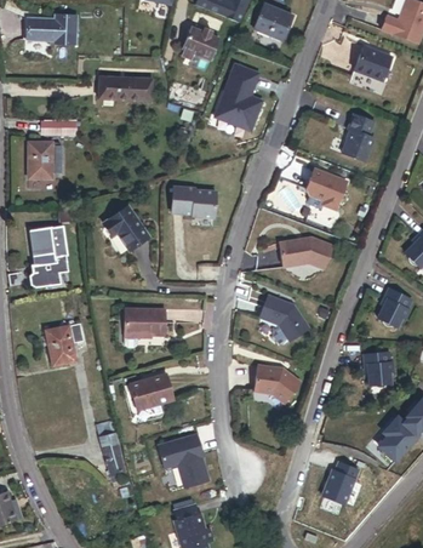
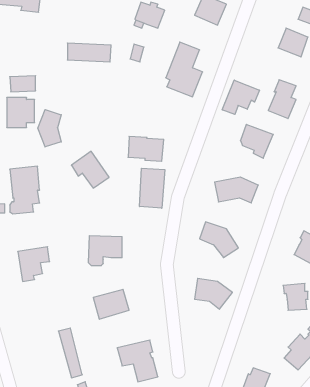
building: none -> [222,80,259,114]
building: none -> [38,110,61,147]
building: none -> [140,168,165,208]

